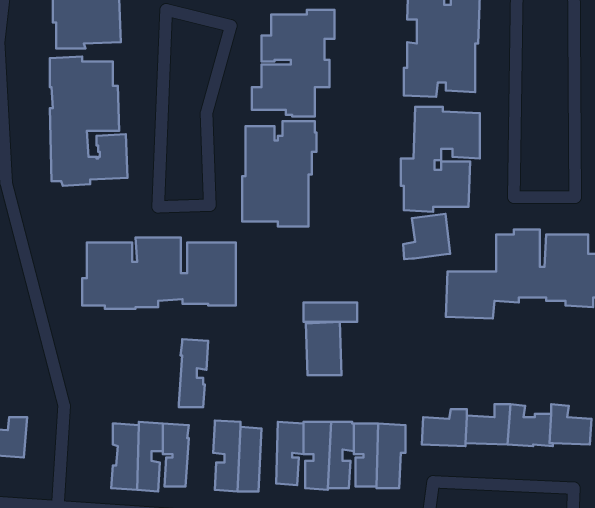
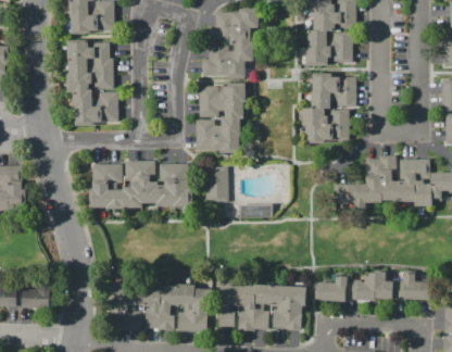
building: [403,214,450,259] -> none
building: [306,322,341,375] -> [204,166,228,202]
building: [179,339,208,407] -> [158,285,177,330]

